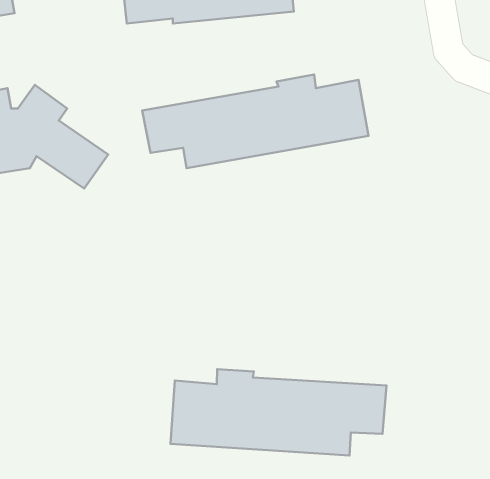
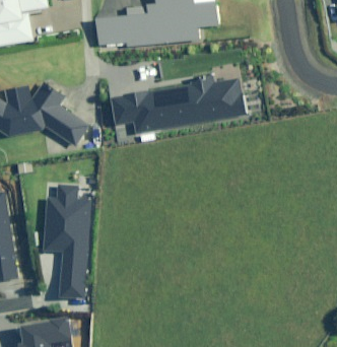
building: none -> [42,185,88,297]
building: [170,369,387,455] -> none

